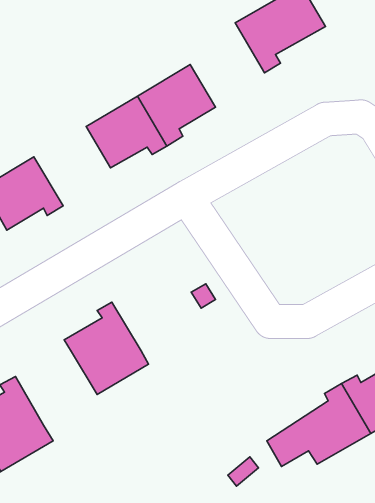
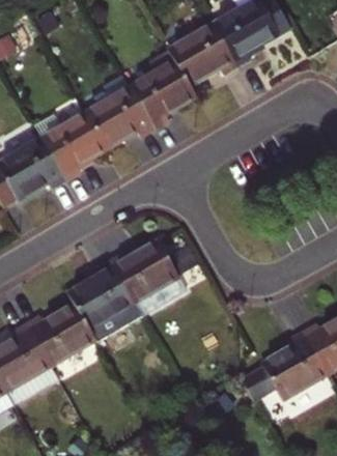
building: none -> [168,23,237,84]
building: none -> [41,111,107,178]
building: none -> [108,239,179,302]
building: none -> [26,303,95,365]

